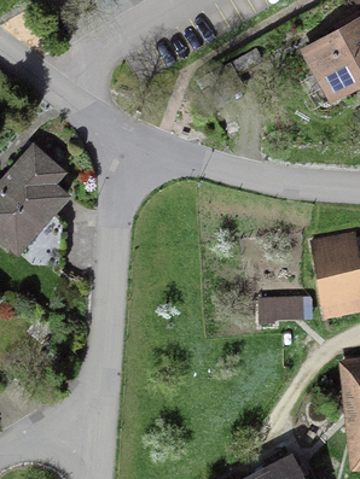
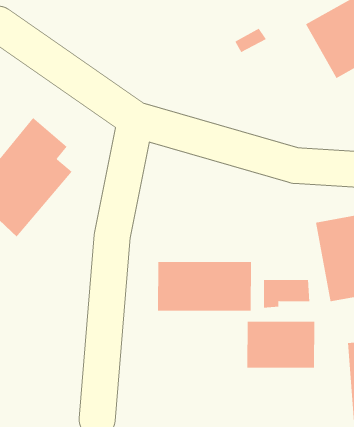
building: none -> [158,261,251,312]
building: none -> [247,321,315,369]

